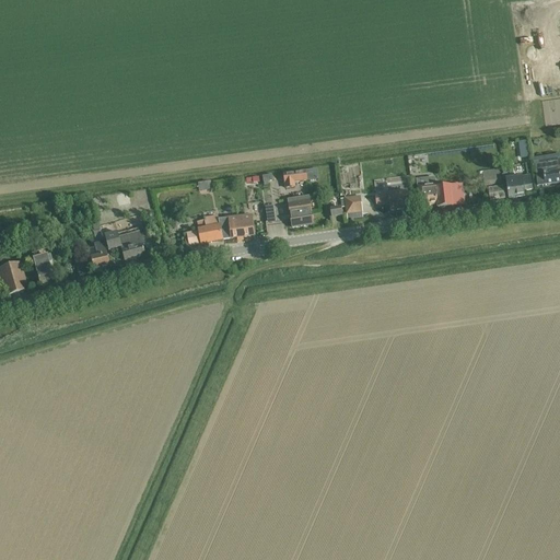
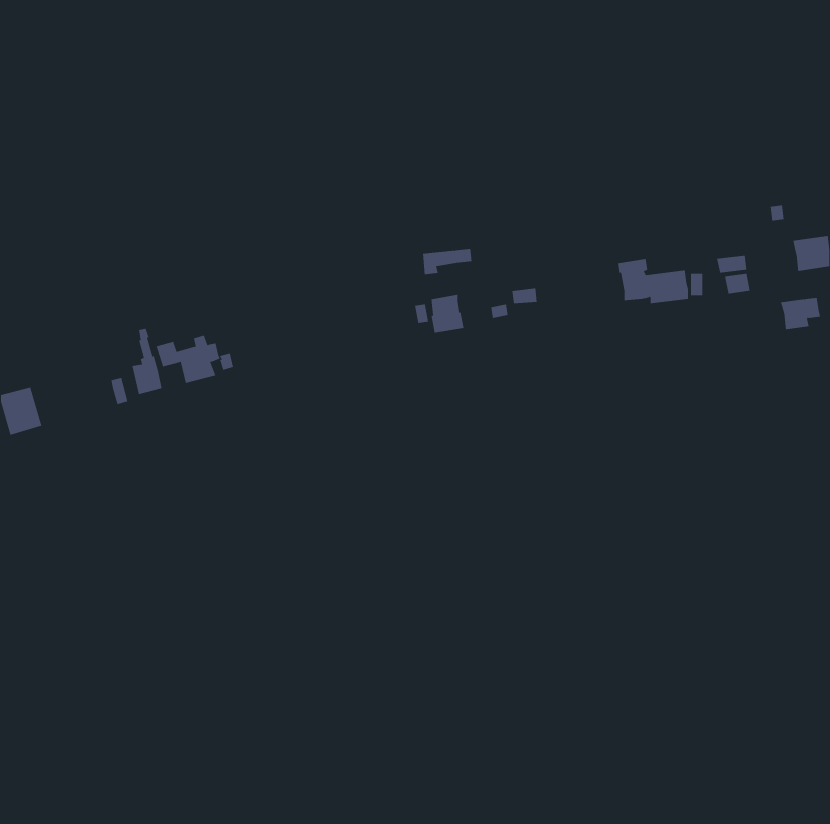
building: [505,173,533,195] -> [780,297,821,330]
building: [375,188,408,207] -> none
building: [183,212,254,244] -> none
building: [32,249,55,282] -> none

